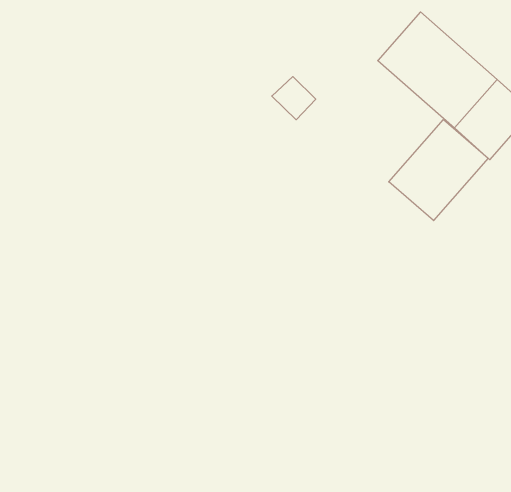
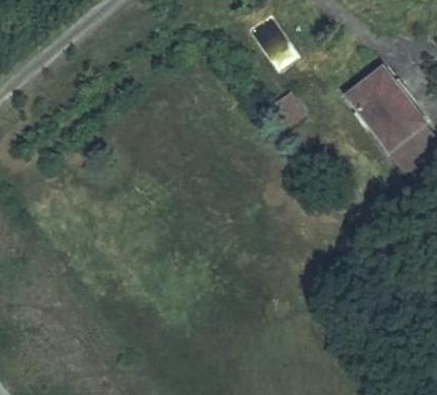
building: [389,120,488,221] -> none

